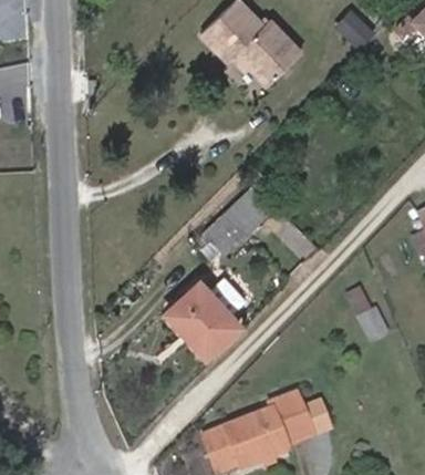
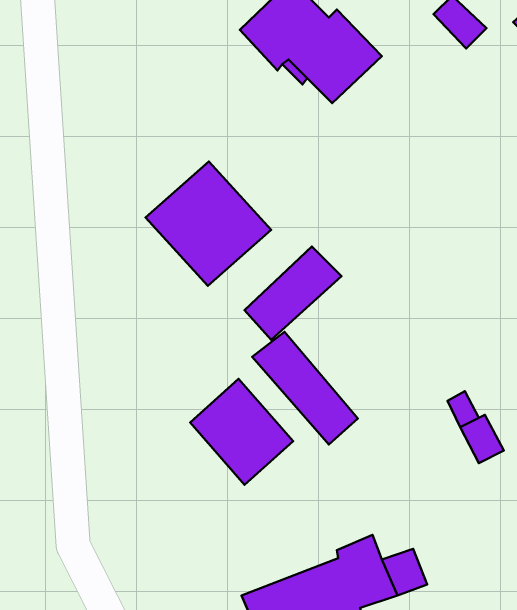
building: none -> [145,161,271,286]
building: none -> [252,332,358,444]

